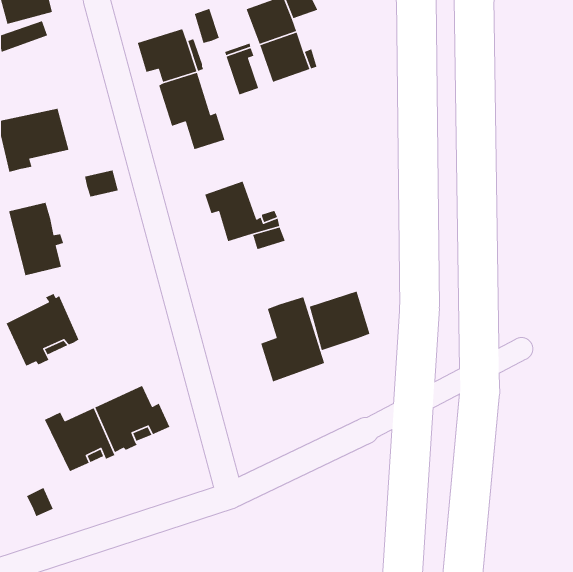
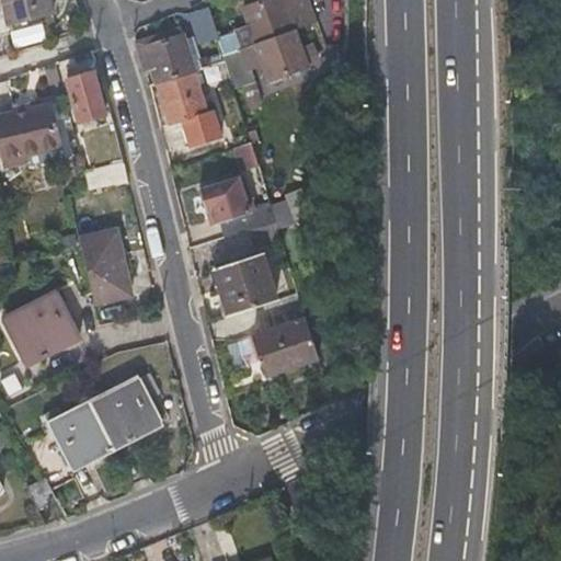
building: none -> [69,75,105,118]
building: [8,202,64,276] -> [79,230,134,302]
building: [309,291,371,351] -> [213,254,273,313]

